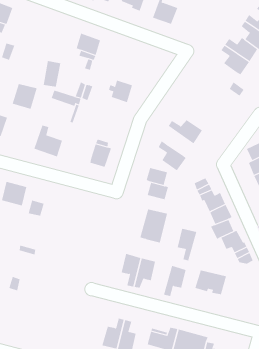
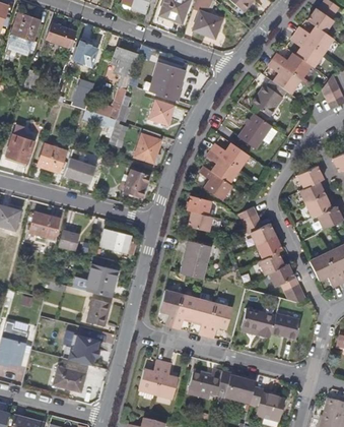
building: none -> [45,23,75,48]
building: none -> [74,42,98,67]
building: none -> [149,63,185,99]
building: none -> [252,79,286,116]
building: [12,84,38,109] -> [39,142,67,171]
building: none -> [238,114,272,149]
building: none -> [133,127,160,164]
building: none -> [206,149,239,183]
building: none -> [100,230,131,252]
building: [177,228,197,261] -> [193,299,215,336]
building: none -> [74,266,118,297]
building: none -> [86,300,109,325]
building: none -> [271,313,300,340]
building: none -> [65,336,96,365]
building: none -> [52,367,83,390]

